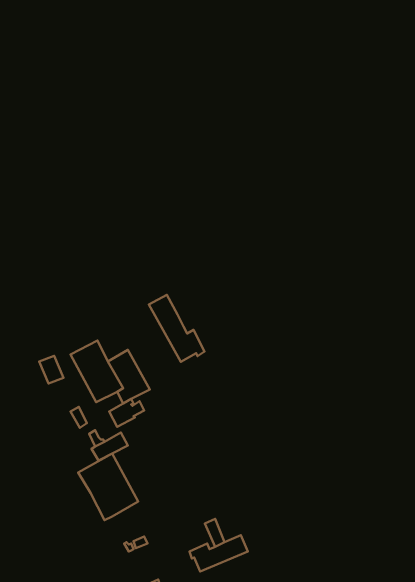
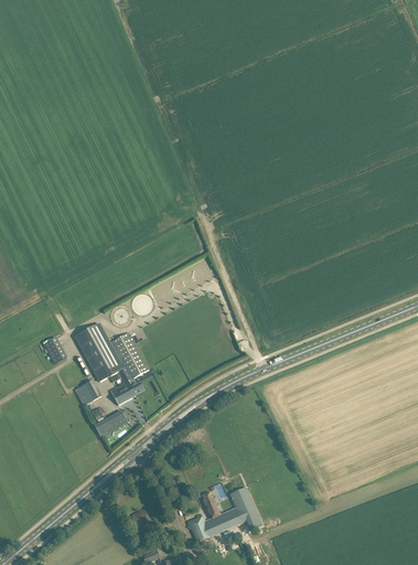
building: [149,295,205,362] -> none
building: [78,454,138,520] -> none
building: none -> [229,488,262,530]

